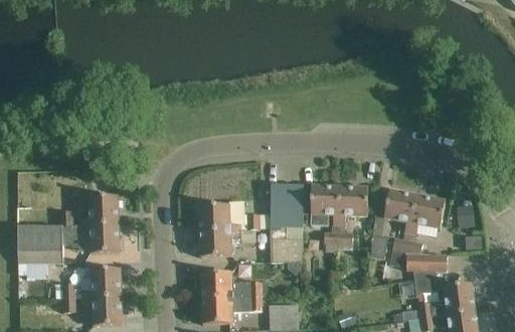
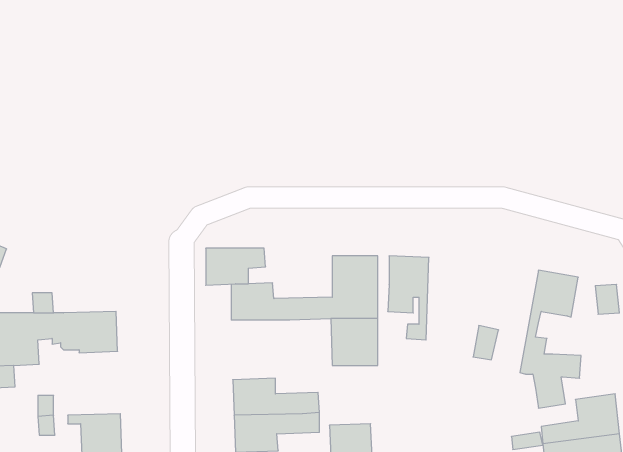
building: [337,185,367,243] -> none
building: [383,189,416,267] -> none
building: [80,195,118,224] -> none
building: [199,229,241,256] -> [206,248,266,285]
building: [83,268,121,297] -> none

